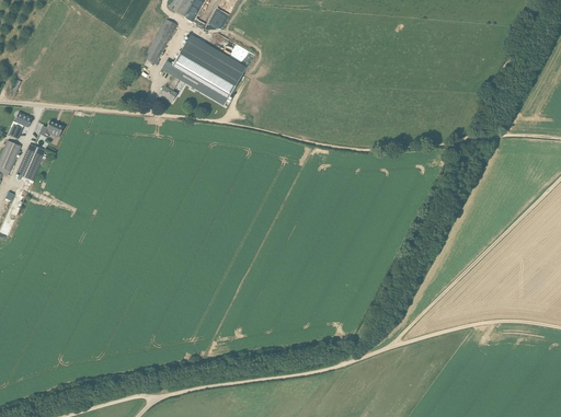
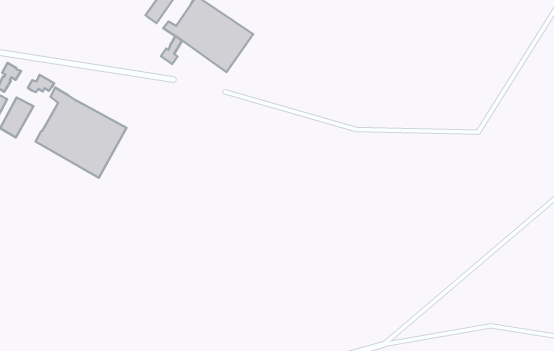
building: none -> [36,88,127,178]

